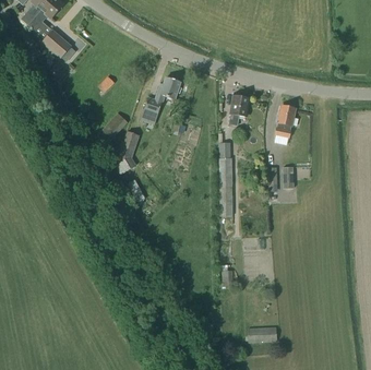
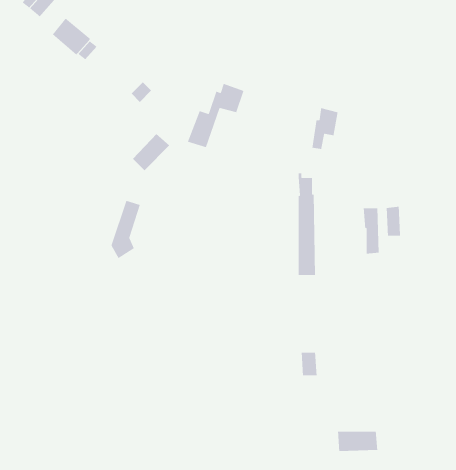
building: [274,105,296,136] -> none
building: [117,131,139,174] -> [111,200,141,259]

